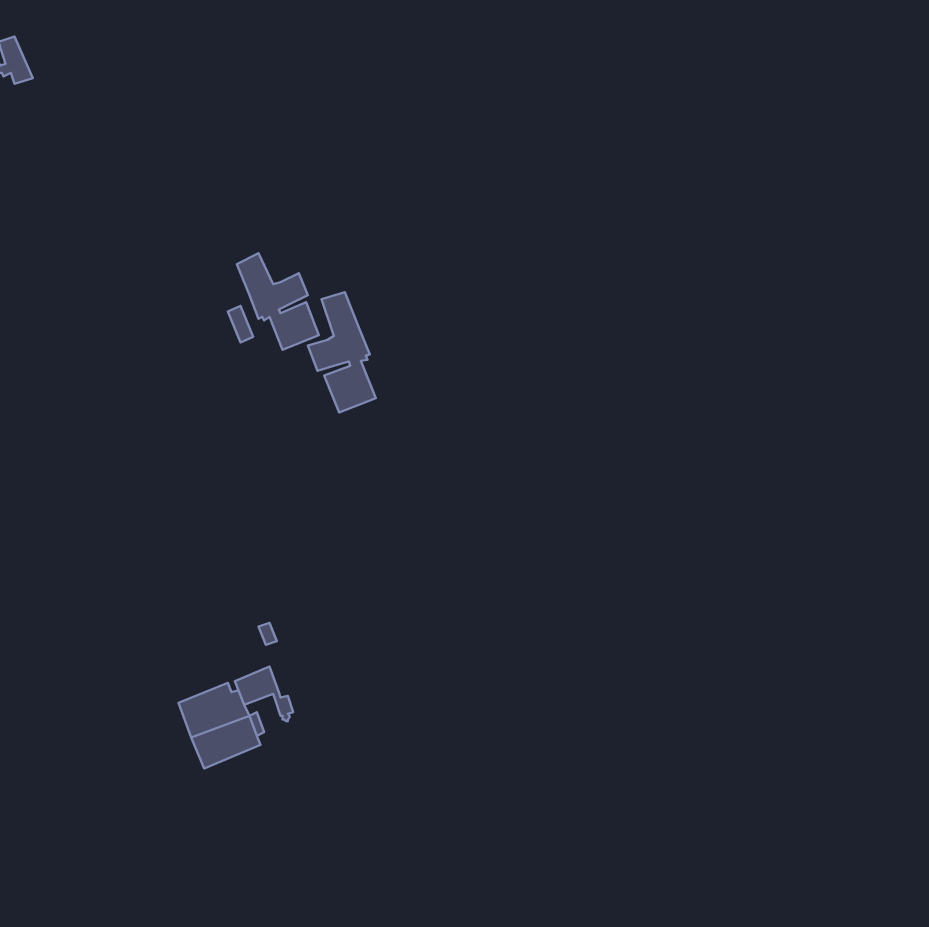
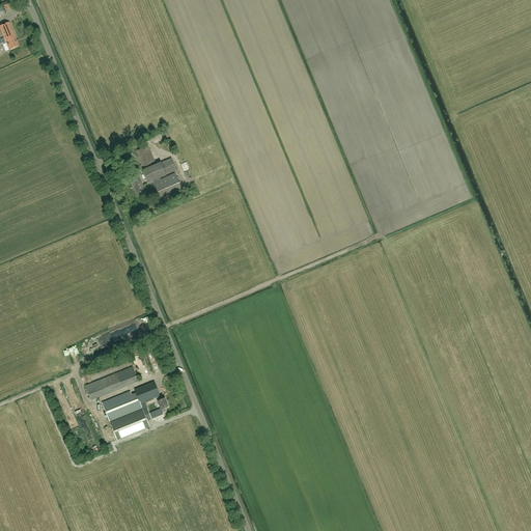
building: [308,292,376,413] -> none
building: none -> [84,365,137,398]

